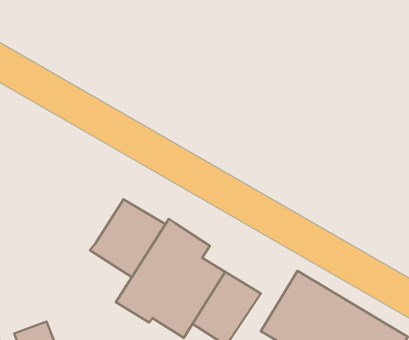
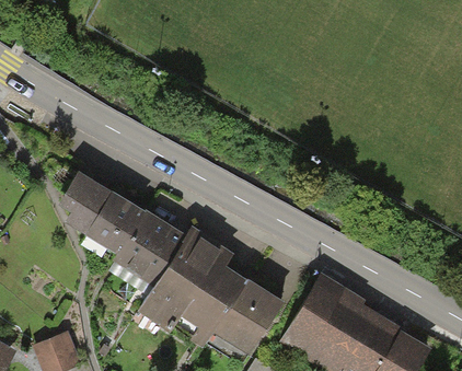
building: none -> [59,174,142,254]

